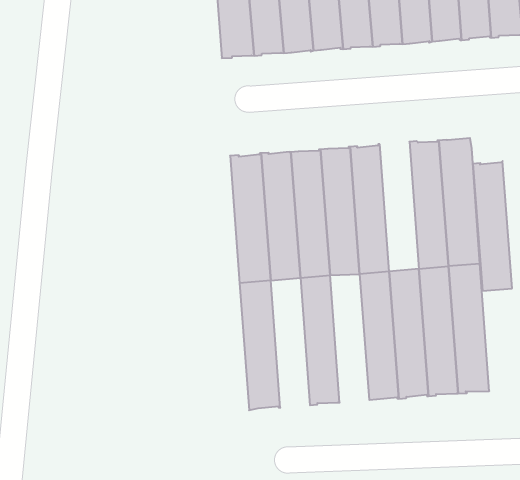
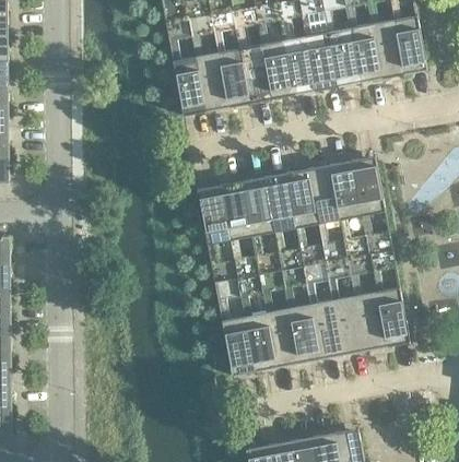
building: [473,161,512,291] -> [308,163,348,261]
building: none -> [282,265,321,363]
building: none -> [238,273,278,371]

